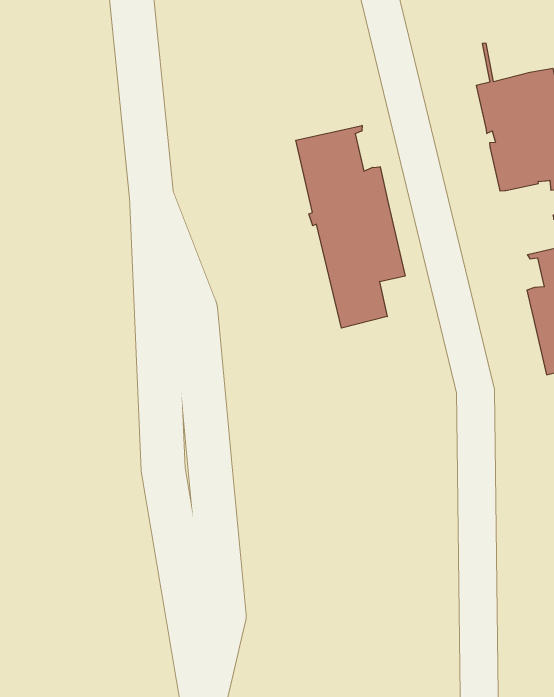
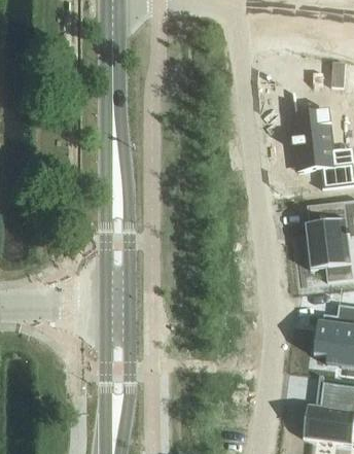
building: [296,125,405,328] -> none

